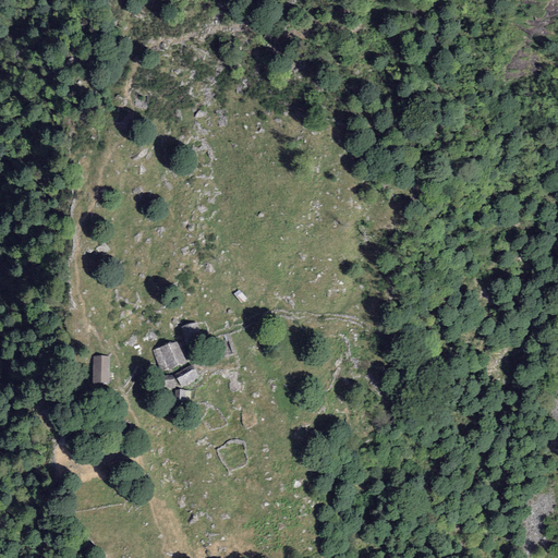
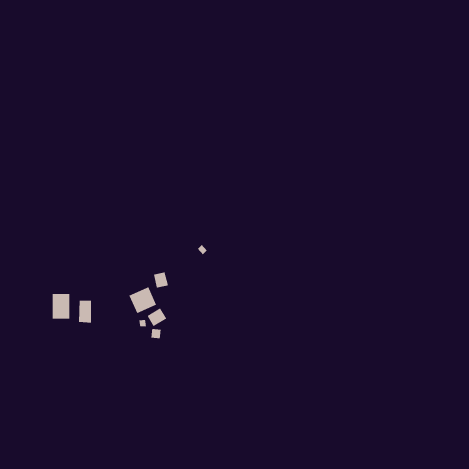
building: none -> [52,293,70,319]

